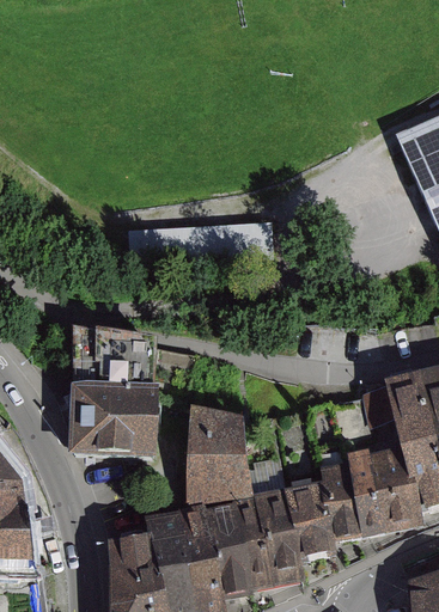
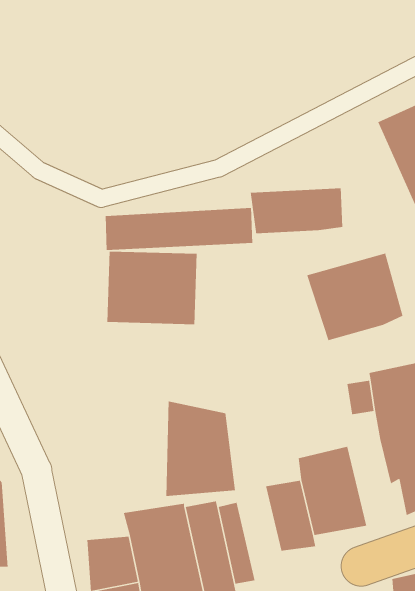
building: none -> [250,188,343,234]
building: none -> [306,252,404,341]
building: [71,385,160,458] -> [106,251,198,325]
building: [368,445,426,530] -> none
building: [258,490,309,583] -> none

